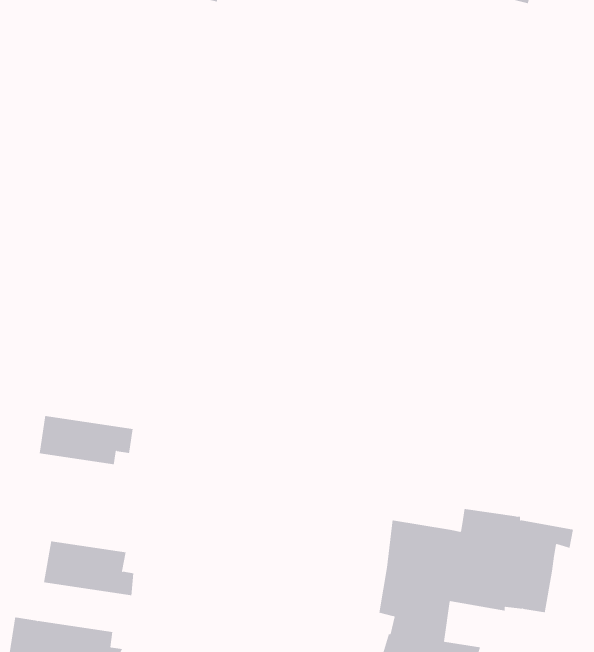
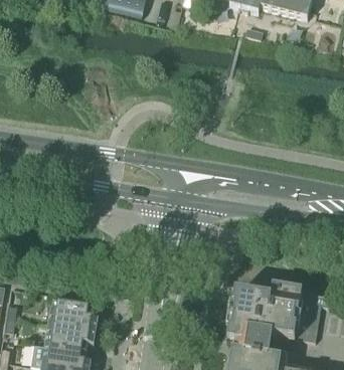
building: [39,415,134,465] -> [45,323,96,349]

